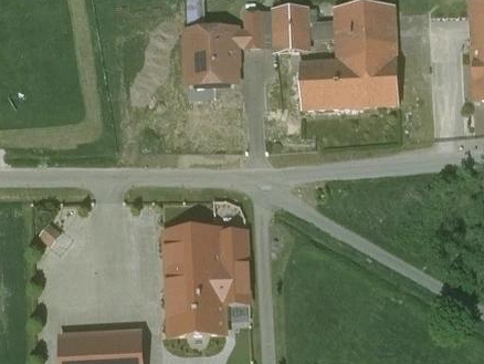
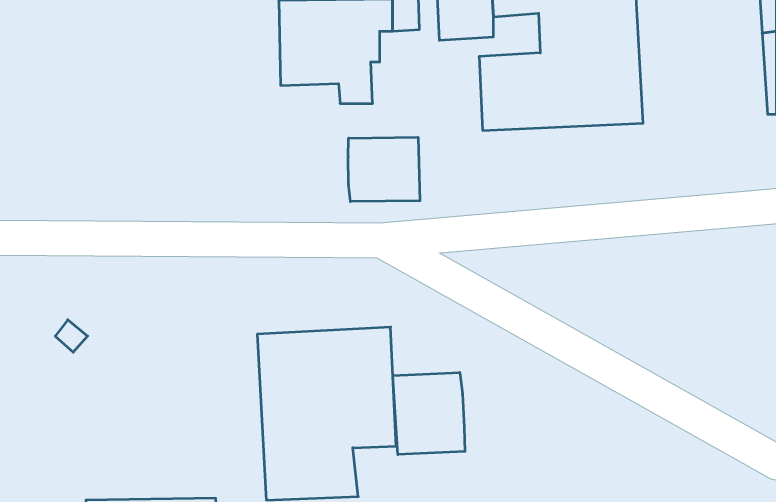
building: none -> [348,137,420,202]
building: none -> [393,372,465,455]

